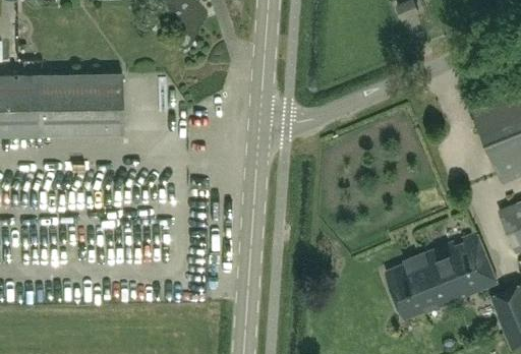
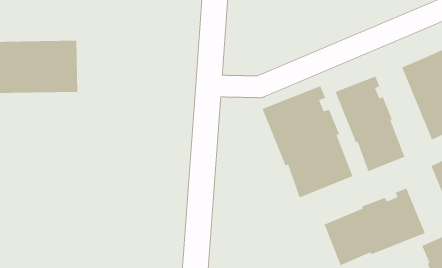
building: none -> [335,75,405,172]
building: none -> [262,85,353,198]

